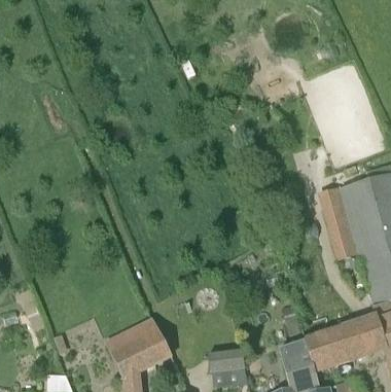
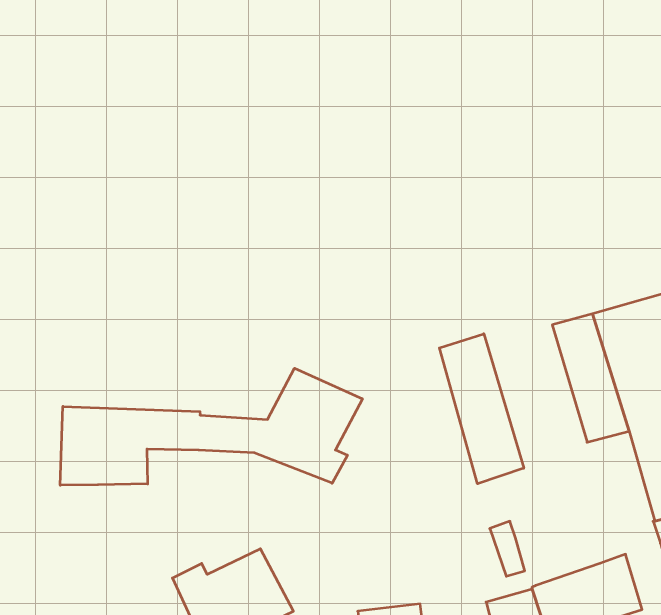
building: none -> [439,334,524,484]
building: none -> [60,368,362,485]

